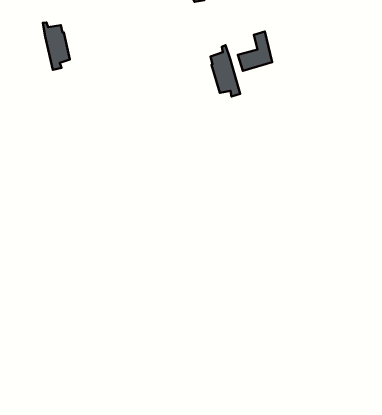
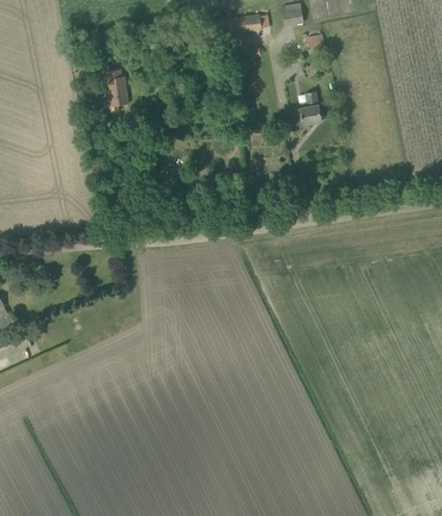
building: [210,45,240,96] -> none

